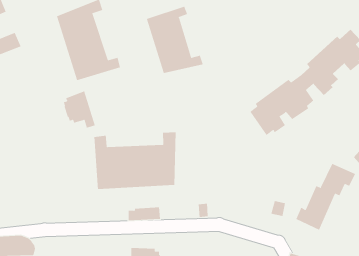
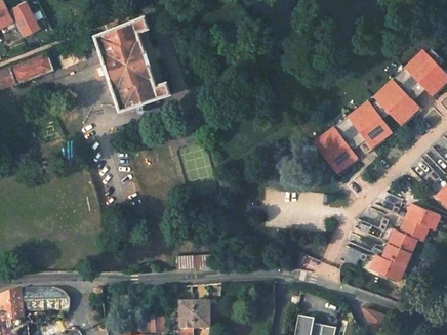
building: [146,6,203,74] -> none
building: [63,91,96,129] -> none
building: [94,131,176,190] -> none

